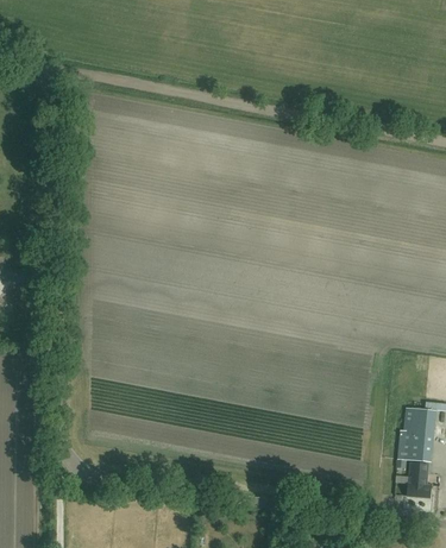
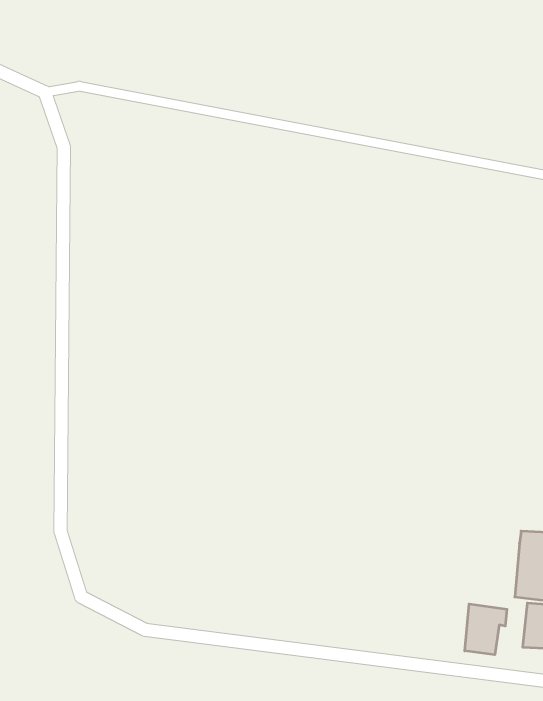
building: none -> [465,604,507,655]

